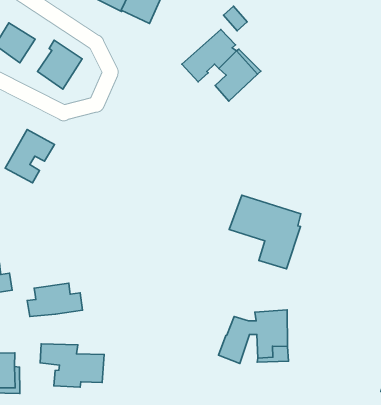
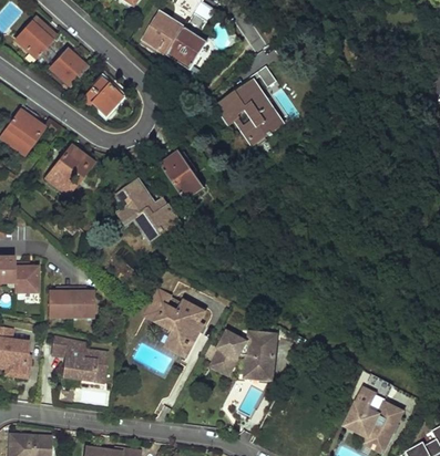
building: none -> [161,152,205,201]
building: none -> [116,179,180,239]
building: [229,195,301,269] -> [142,288,207,359]

